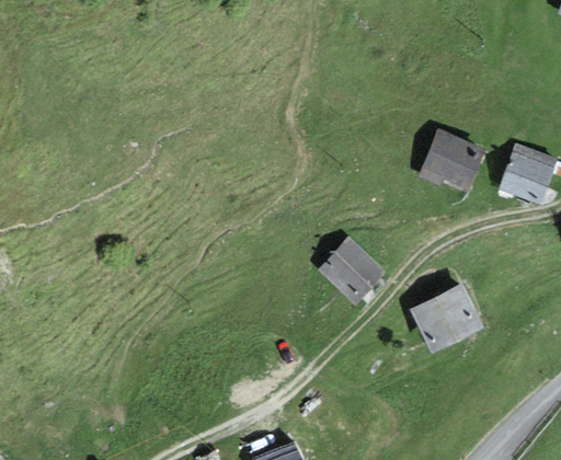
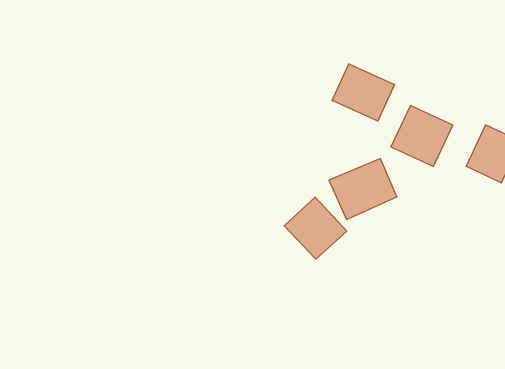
building: none -> [332,64,395,121]
building: [410,281,482,348] -> [329,159,397,220]

